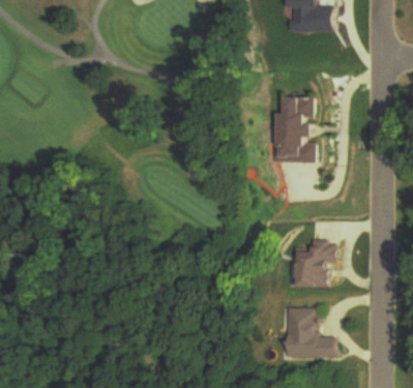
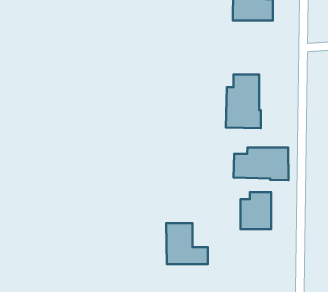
building: none -> [234,148,288,180]
building: [283,307,333,357] -> [166,223,208,264]

